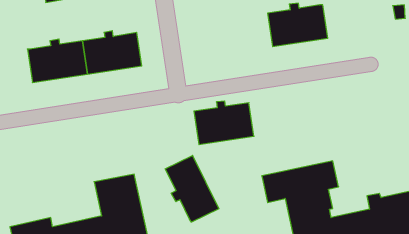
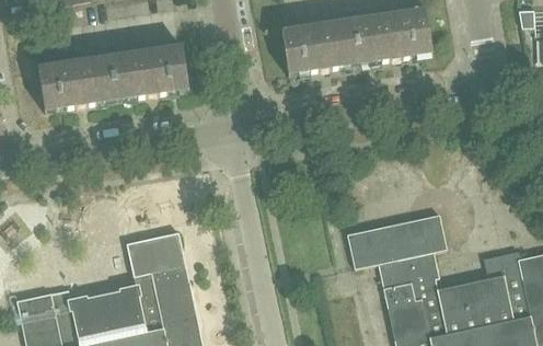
building: [194,101,254,145] -> [281,18,360,74]
building: [165,155,219,222] -> none

